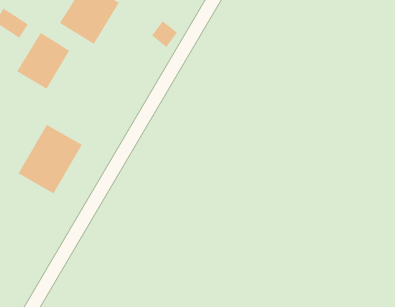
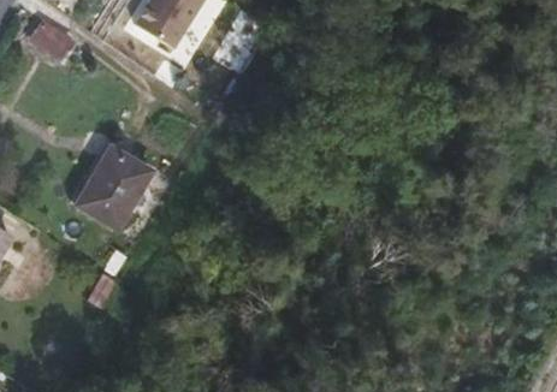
building: [16,32,70,90] -> none

